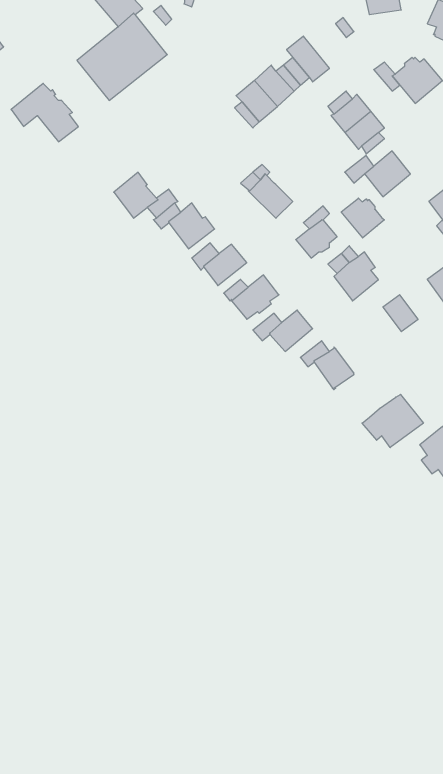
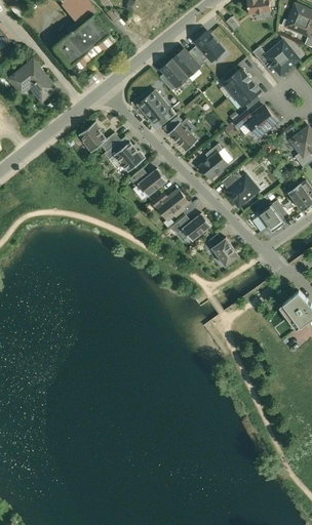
building: none -> [140,93,167,122]
building: [341,198,384,238] -> none
building: [362,394,423,448] -> none

